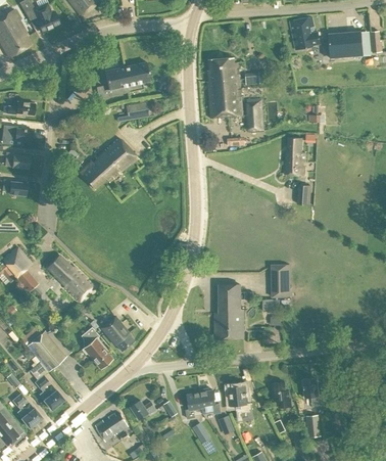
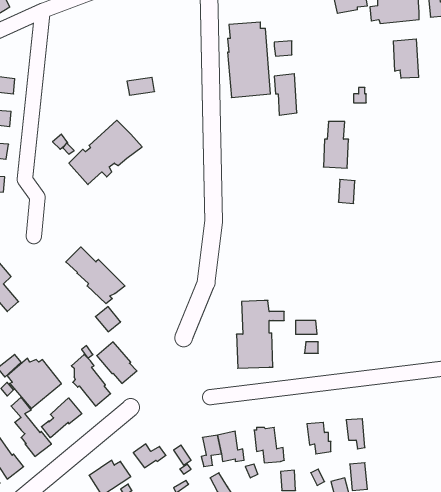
building: [95,61,149,98] -> none
building: none -> [393,39,419,78]
building: [46,255,94,301] -> [66,247,125,304]
building: [270,264,289,296] -> none
building: none -> [41,398,82,438]

